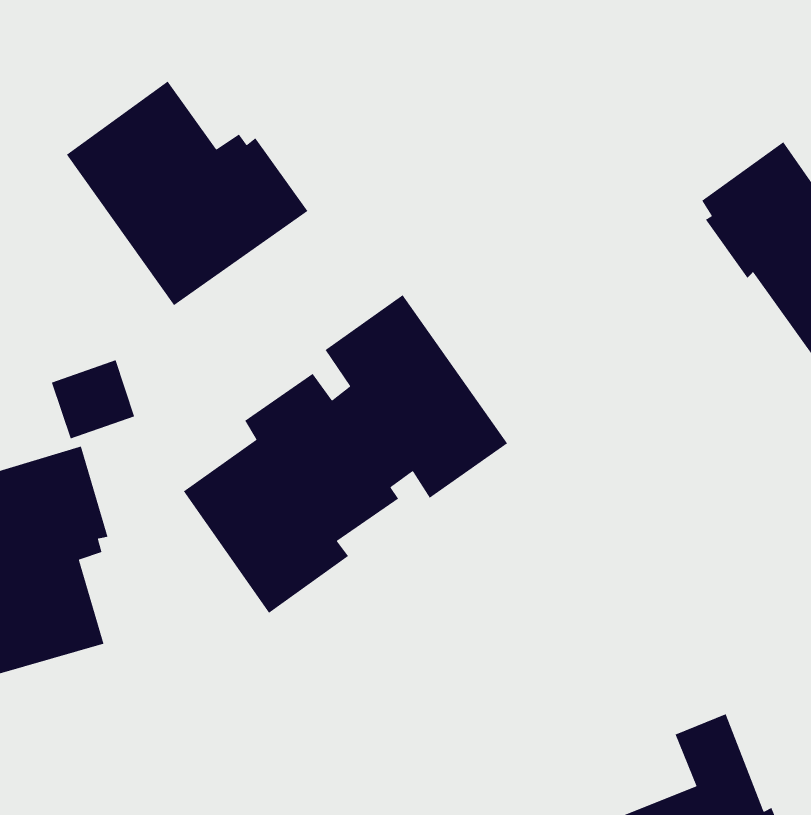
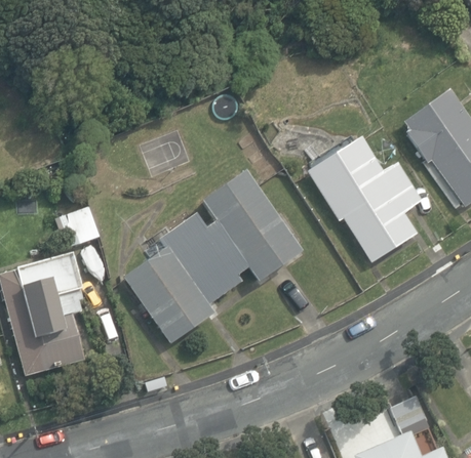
building: [66,80,309,306] -> none
building: none -> [307,137,422,262]

